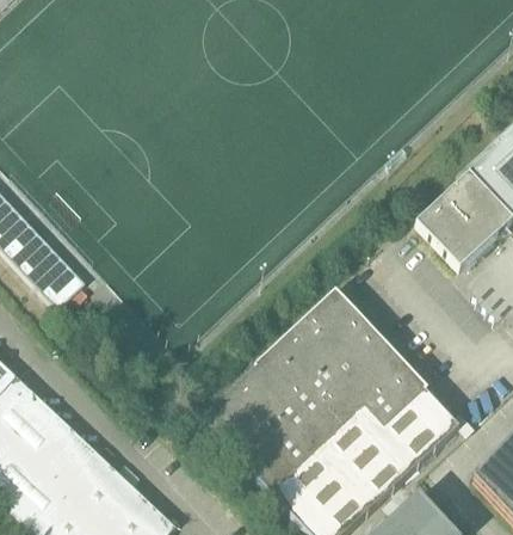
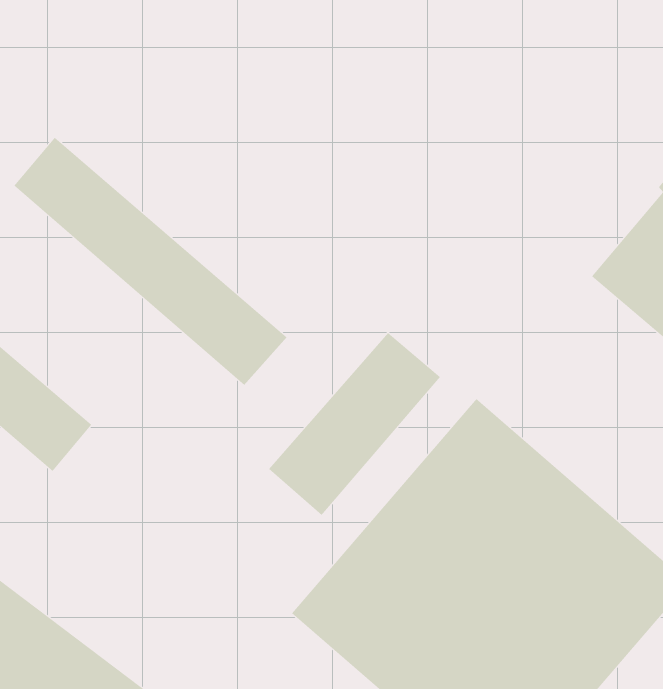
building: none -> [14,137,287,386]
building: none -> [268,332,441,516]

